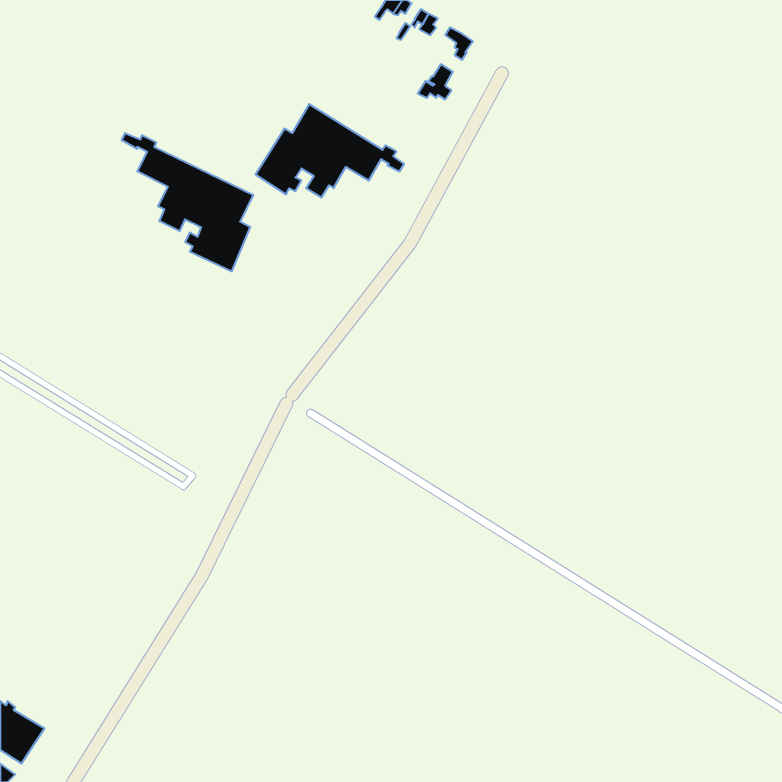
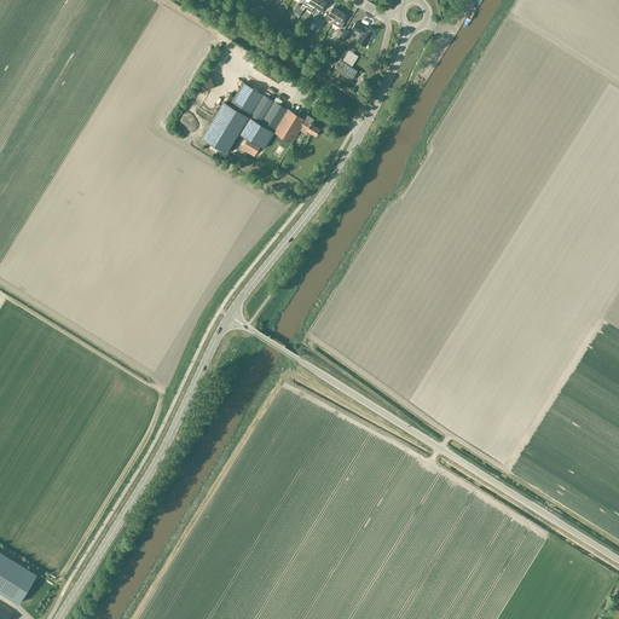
building: [122,133,253,271] -> none

